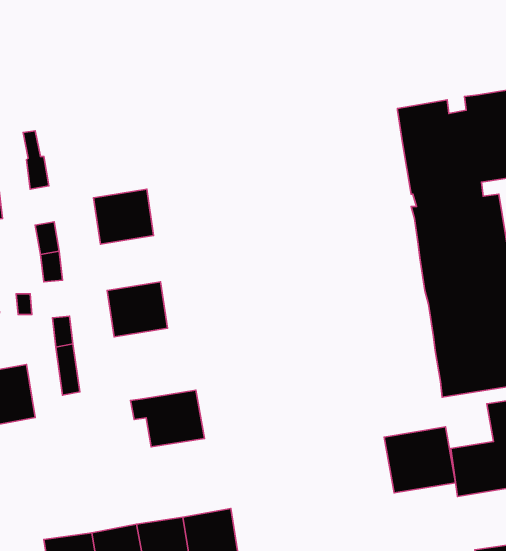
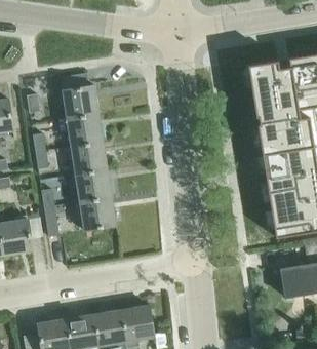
building: none -> [62,86,98,119]
building: none -> [71,142,107,174]
building: [131,390,204,447] -> [72,197,116,231]
building: [384,427,456,493] -> none

